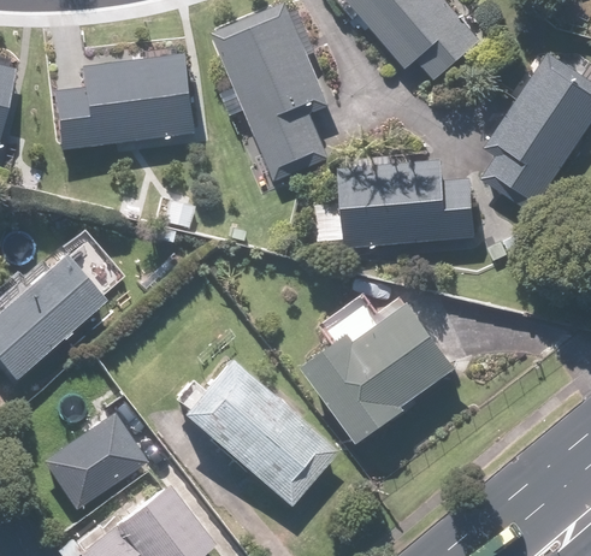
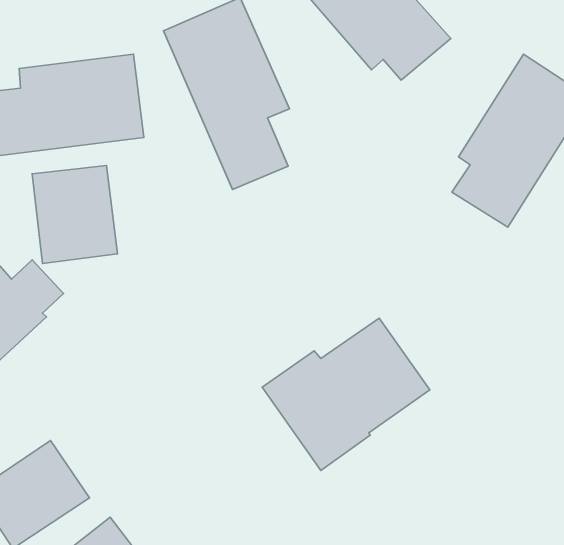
building: none -> [32,166,118,263]
building: [338,160,477,249] -> none
building: [182,357,337,504] -> none

